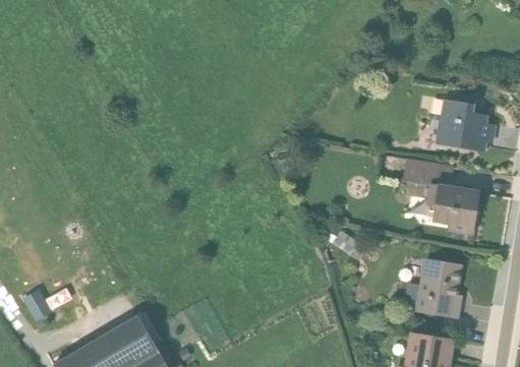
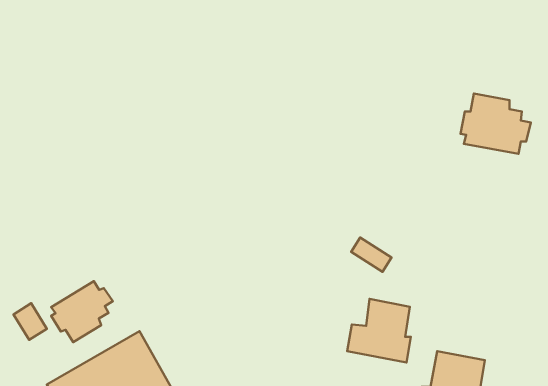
building: [404,158,477,232] -> none
building: [404,259,462,317] -> [347,299,411,362]
building: none -> [51,281,113,342]

